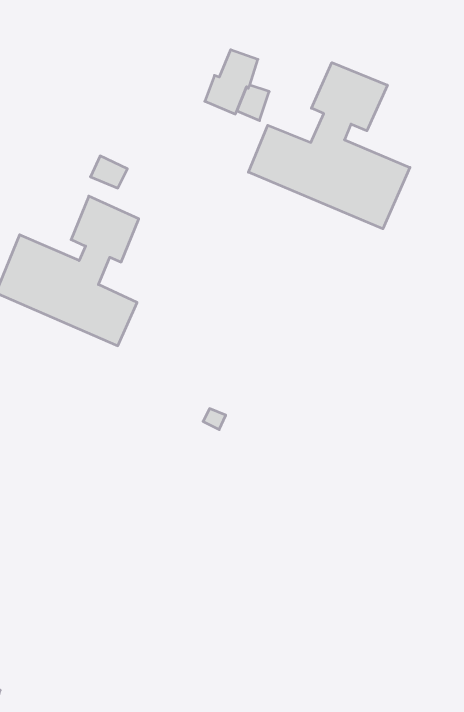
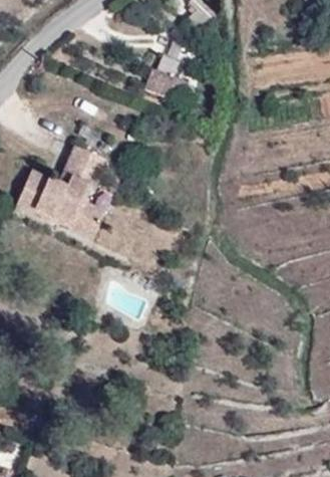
building: [248,63,410,229] -> none

